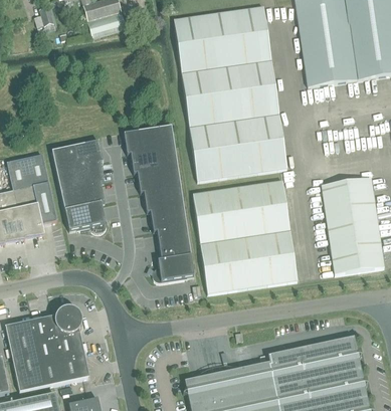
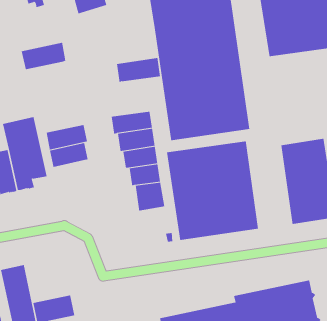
building: [124,126,174,154] -> [116,58,161,83]
building: [51,140,103,171] -> [21,42,66,70]
building: [64,202,107,232] -> none
building: [152,254,194,281] -> none
building: [32,309,84,363] -> none

